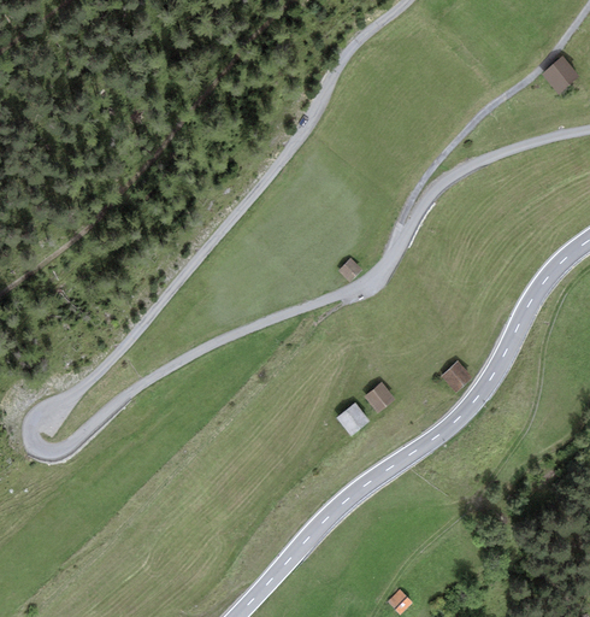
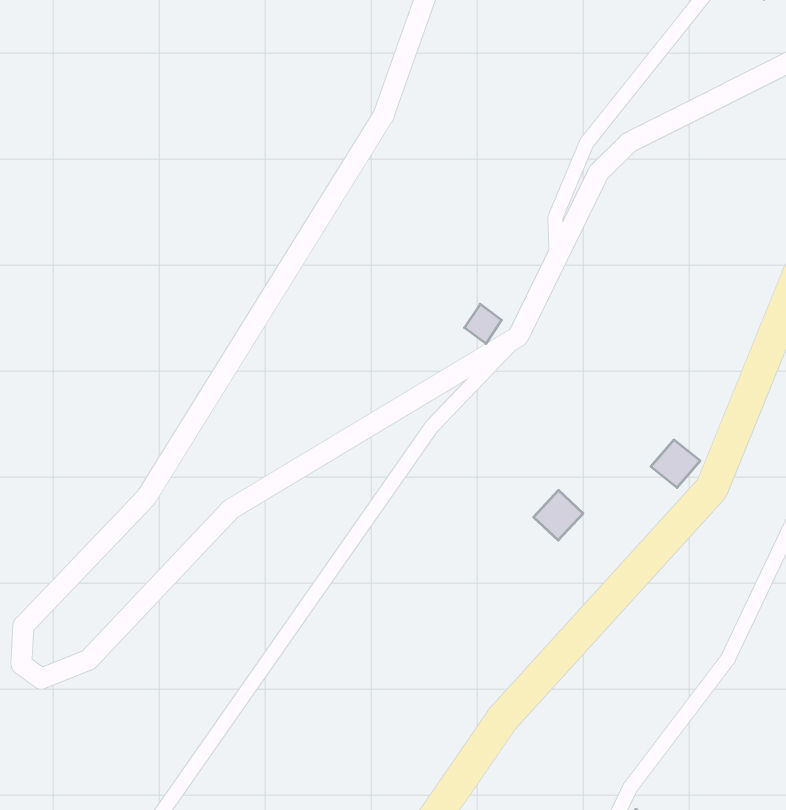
building: [335,402,370,436] -> none

